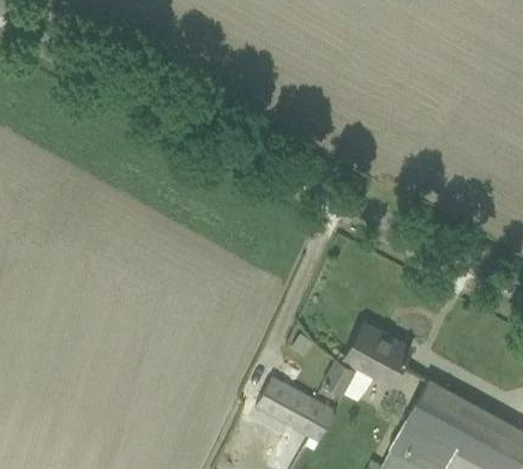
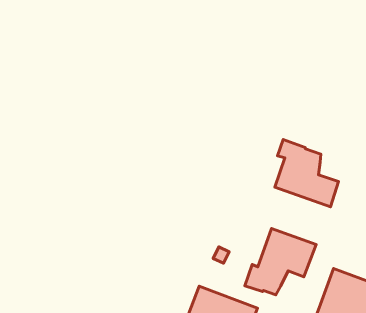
building: none -> [275,139,339,207]

